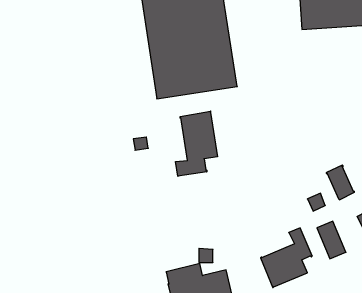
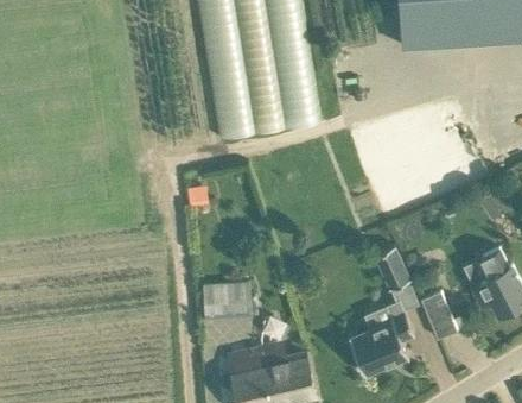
building: [176,111,217,176] -> none
building: [326,165,354,200] -> [375,248,410,292]
building: none -> [203,285,250,319]

